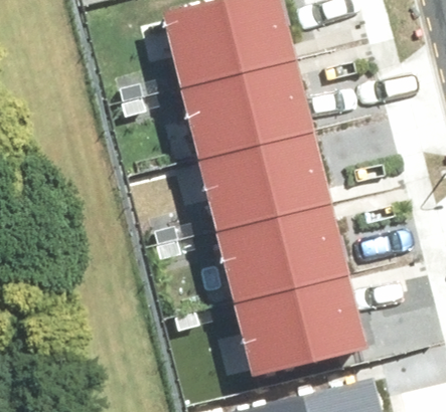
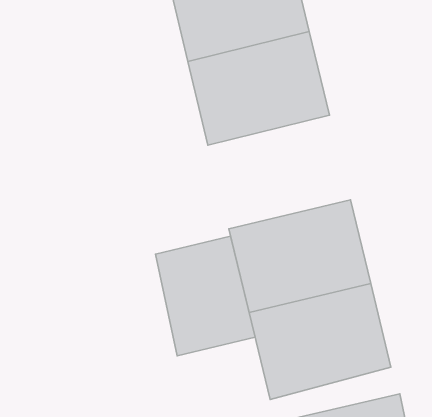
building: [199,130,328,232] -> none
building: none -> [156,236,255,356]

